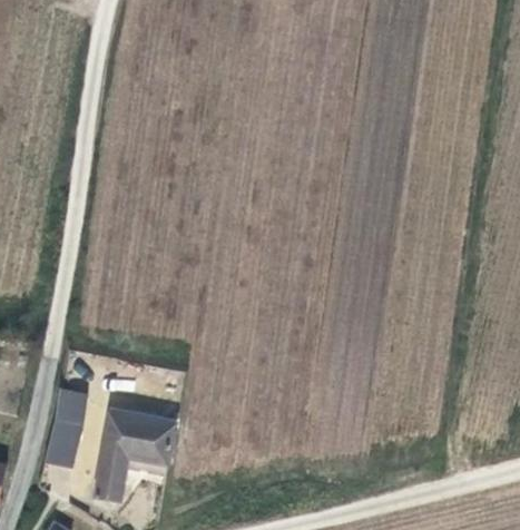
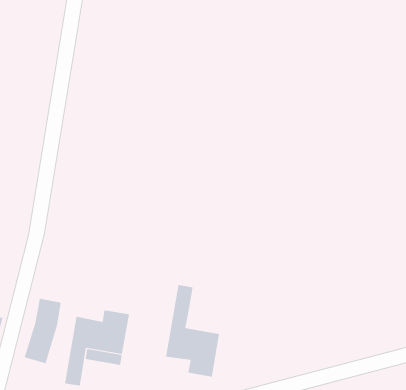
building: none -> [165,284,220,377]

